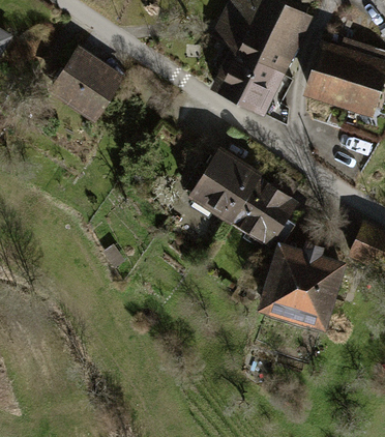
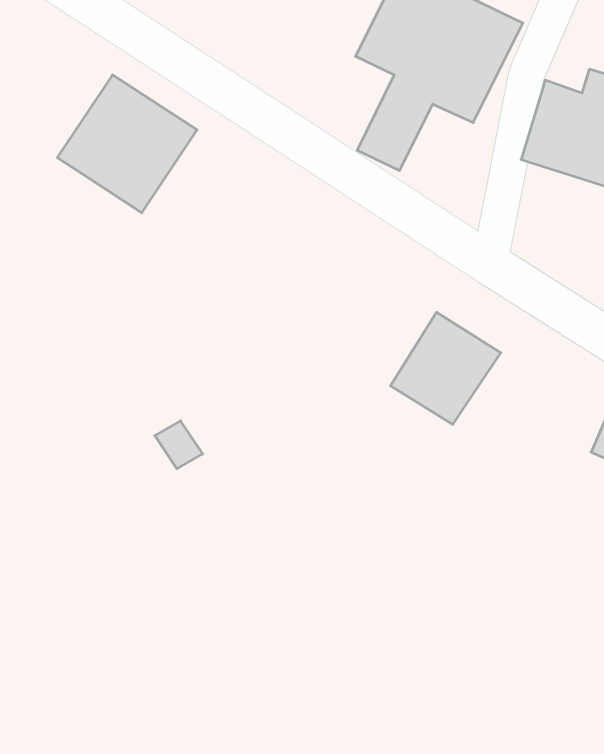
building: [239,62,280,111] -> none
building: [194,153,260,221] -> none
building: [263,244,344,325] -> none

